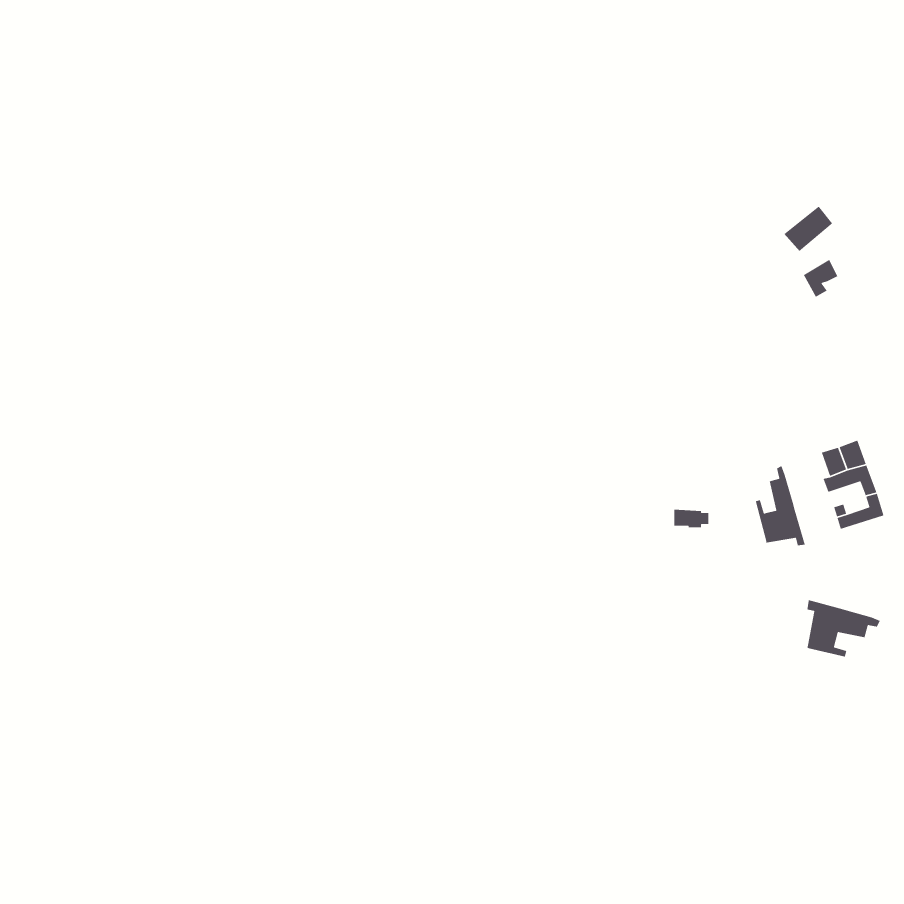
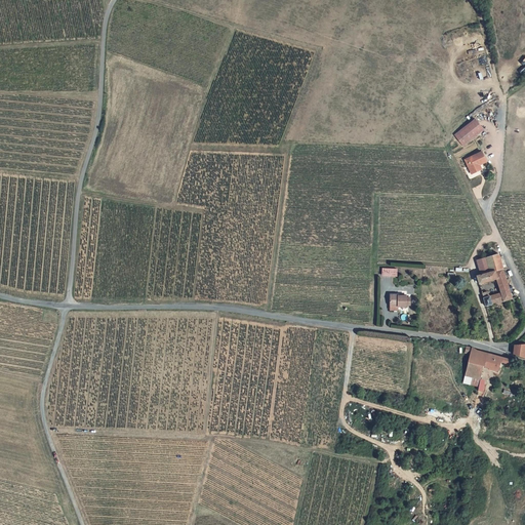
building: [755,465,806,546] -> none

